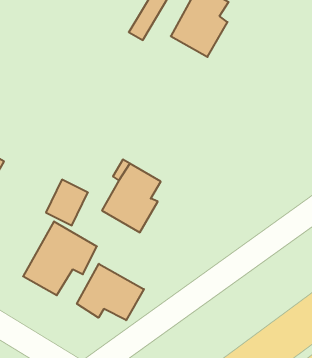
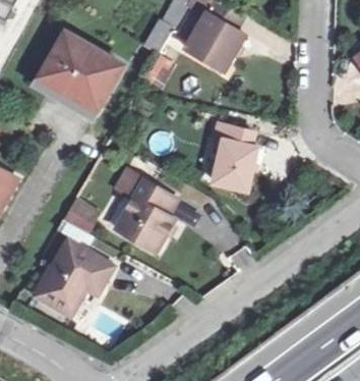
building: none -> [39,31,123,108]
building: none -> [213,126,256,190]
building: [77,264,144,320] -> none

